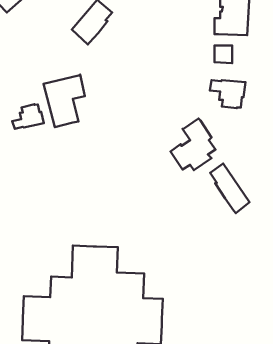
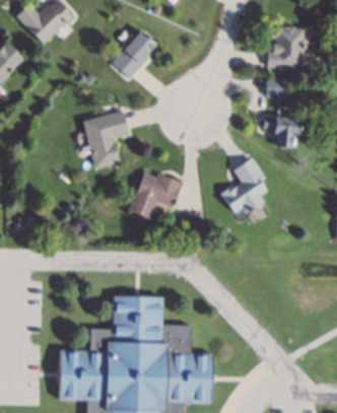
building: [12,104,44,129] -> none
building: none -> [129,171,183,219]
building: [210,164,249,213] -> none

